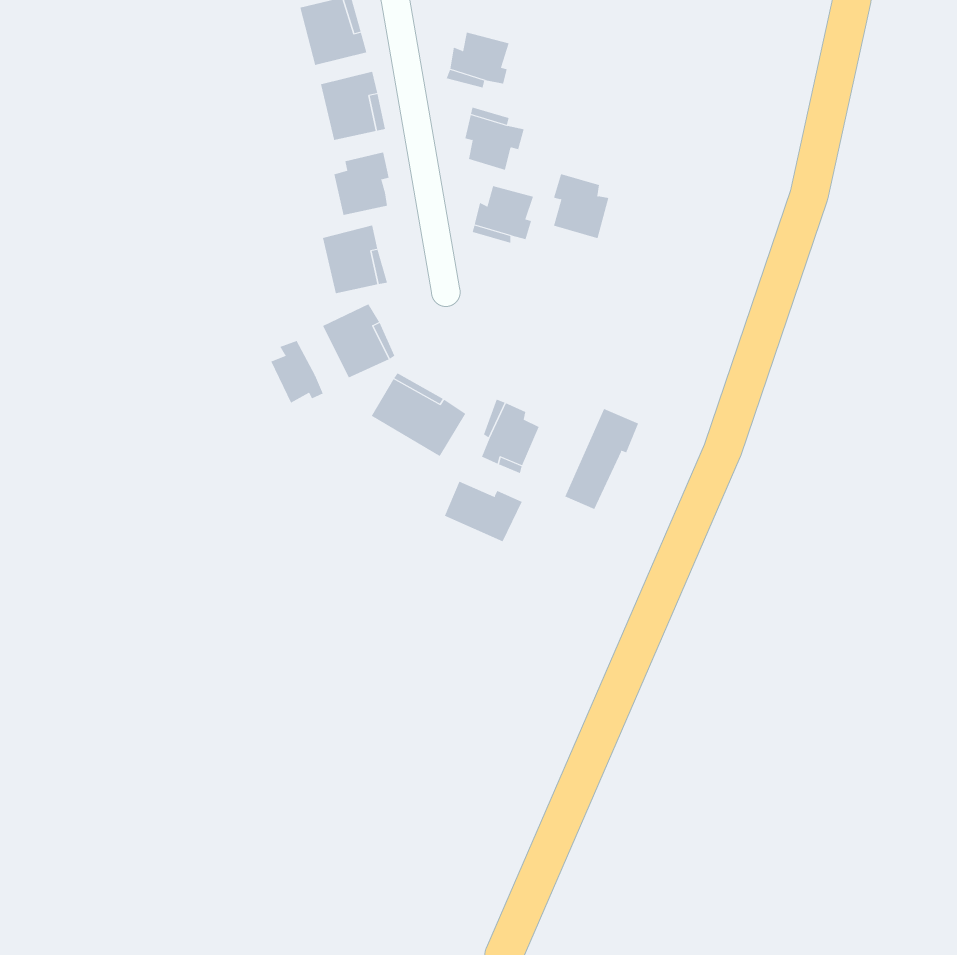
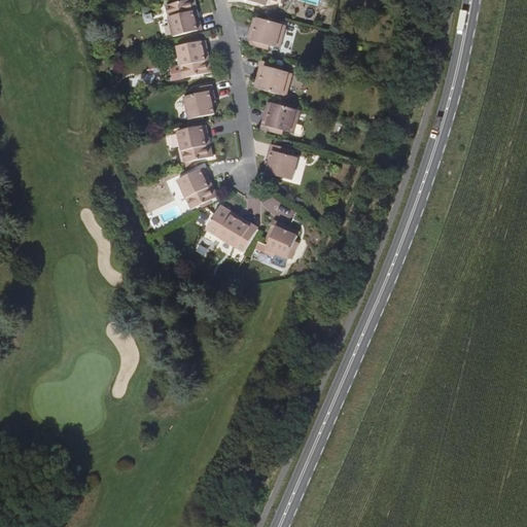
building: [553,173,609,239] -> [266,143,296,179]
building: [270,340,323,404] -> none
building: [564,408,639,510] -> none
building: [444,481,522,542] -> none

